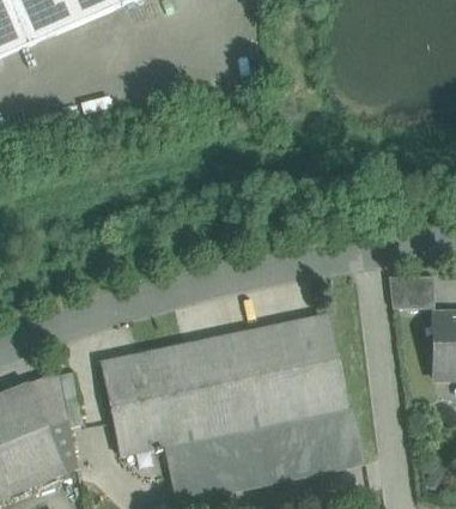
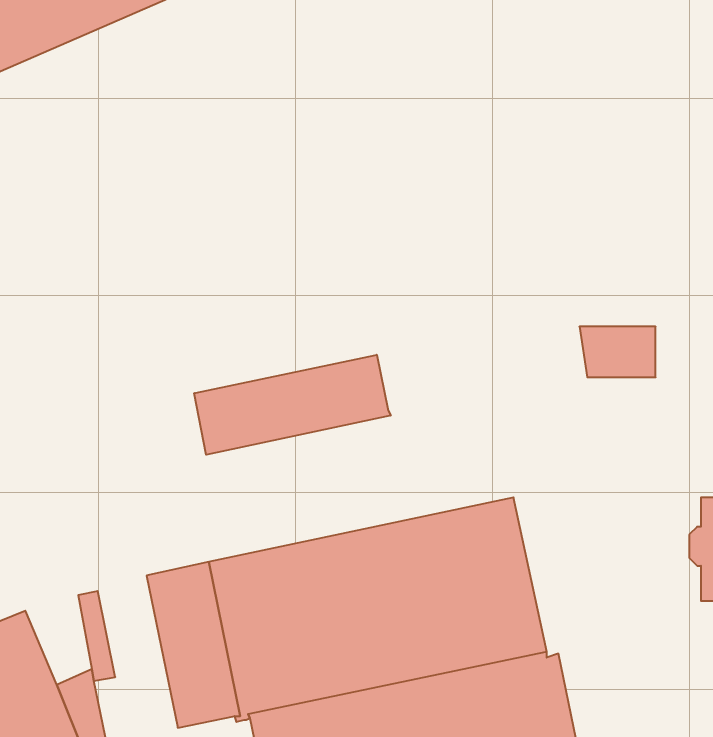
building: none -> [194,355,391,455]
building: [388,277,434,308] -> [579,327,656,377]
building: [28,370,68,429] -> none

